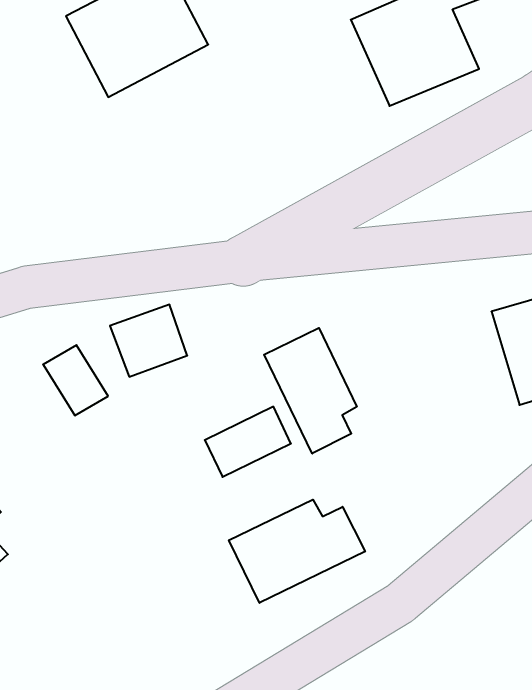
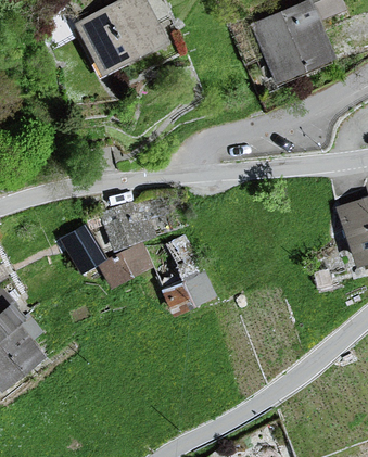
building: [264,328,357,454] -> none
building: none -> [103,245,152,284]
building: [229,500,365,603] -> none

